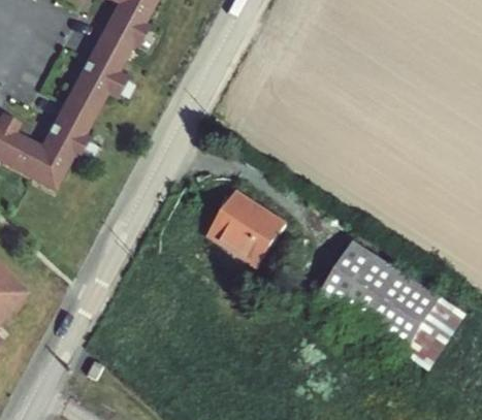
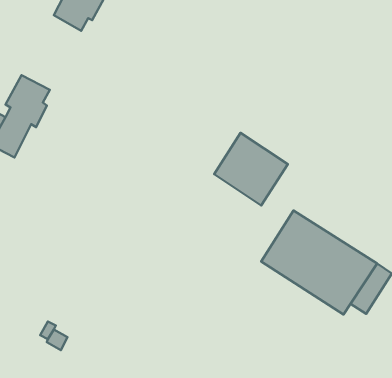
building: [64,38,130,117] -> none
building: [205,192,283,268] -> [214,133,288,205]

